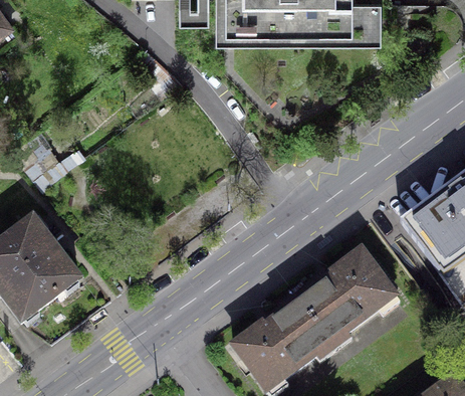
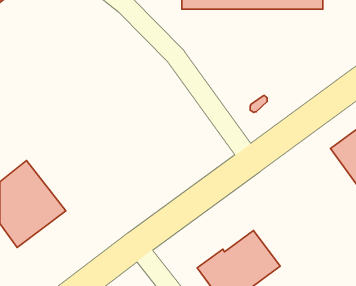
building: [301,251,396,343] -> none

